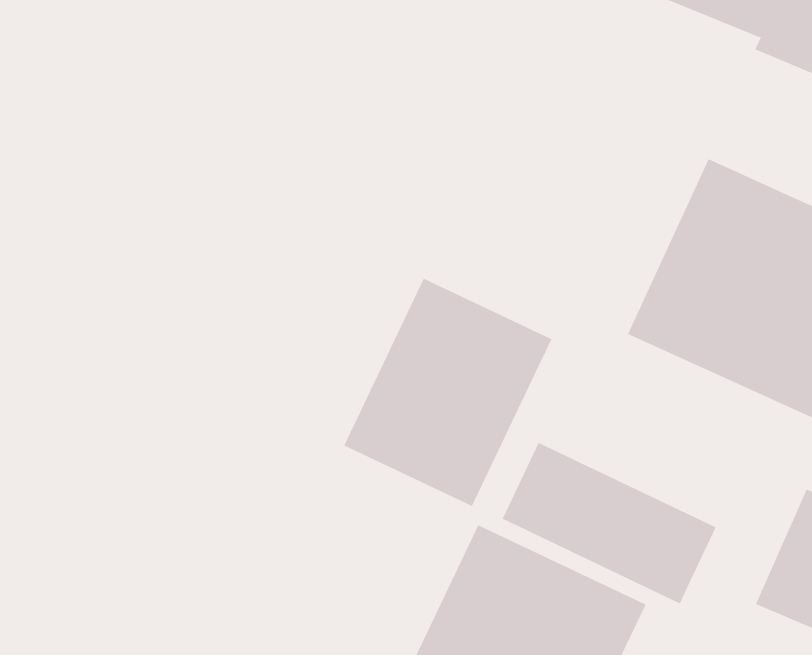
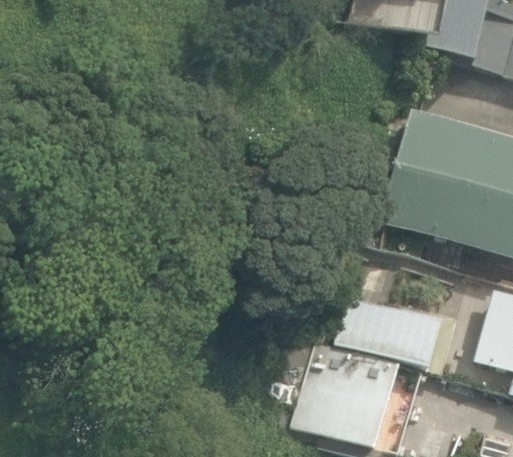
building: [344,278,552,507] -> none

